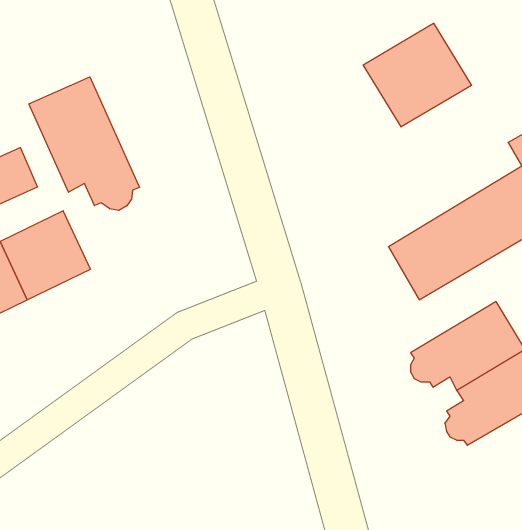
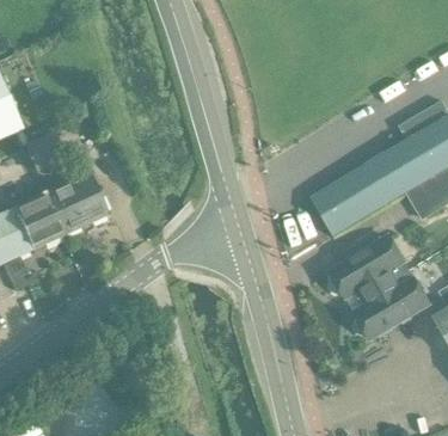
building: [363,23,471,127] -> none
building: [29,77,139,210] -> none

